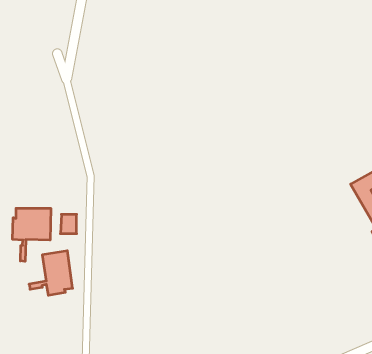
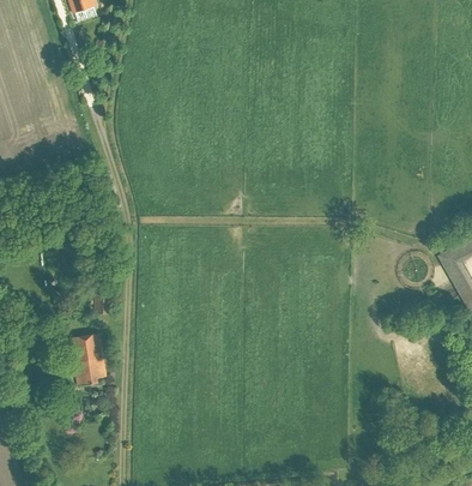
building: [13,208,51,261] -> none

